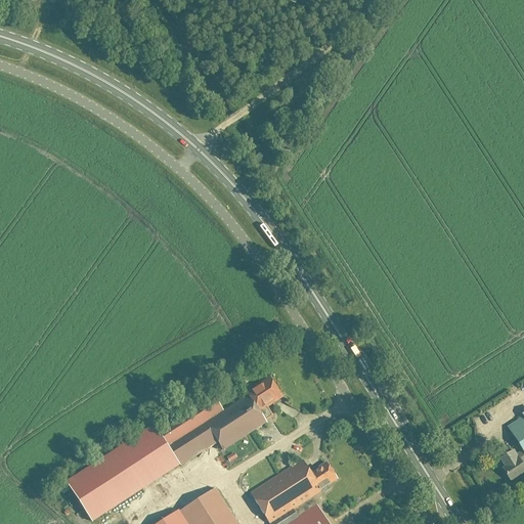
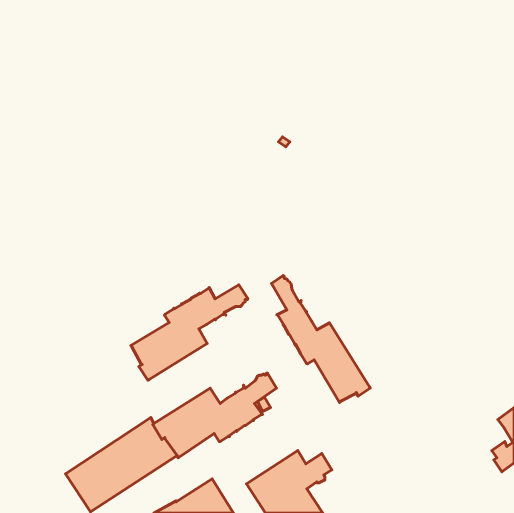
building: none -> [271,276,370,402]
building: none -> [131,285,248,380]

